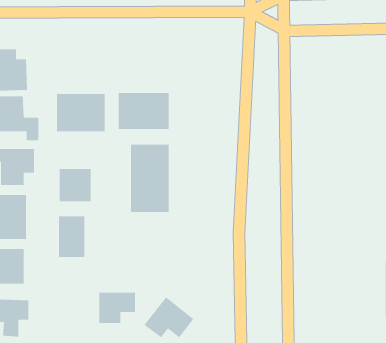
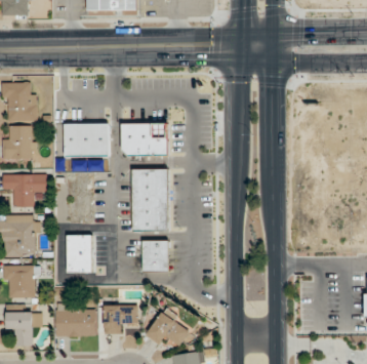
building: [59,168,91,202] -> none
building: none -> [142,241,168,272]
building: none -> [55,305,94,336]

